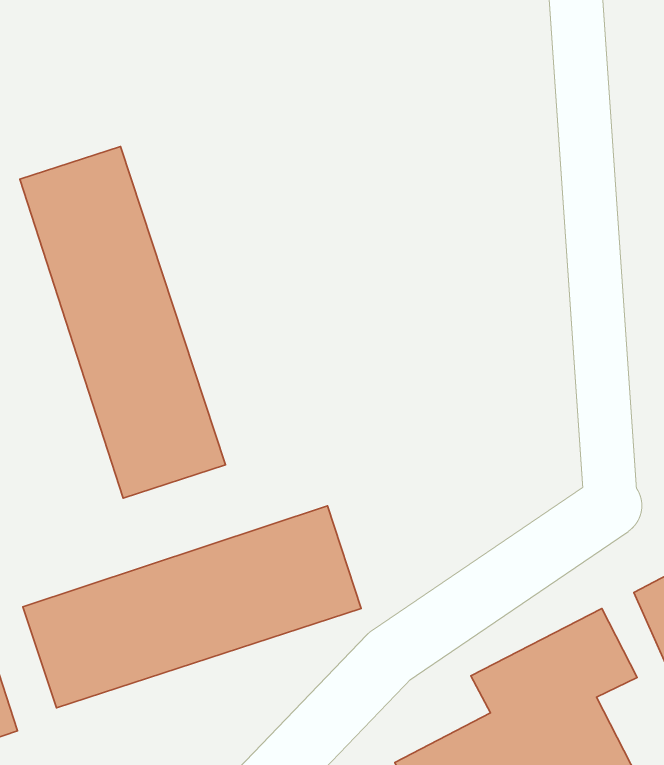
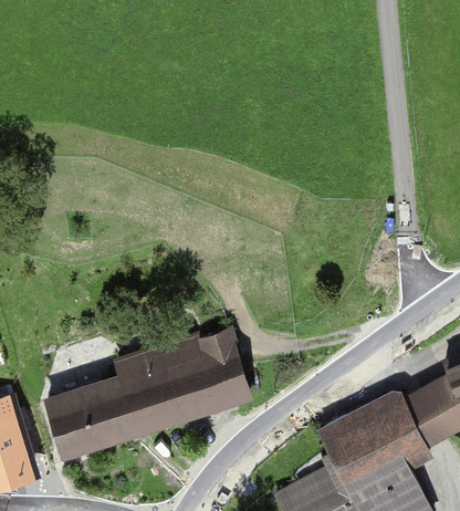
building: [20,147,225,498] -> none

